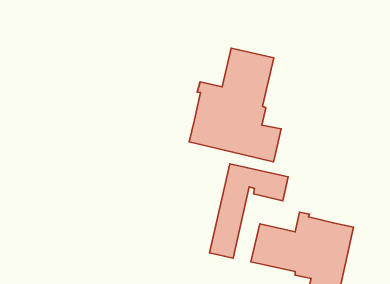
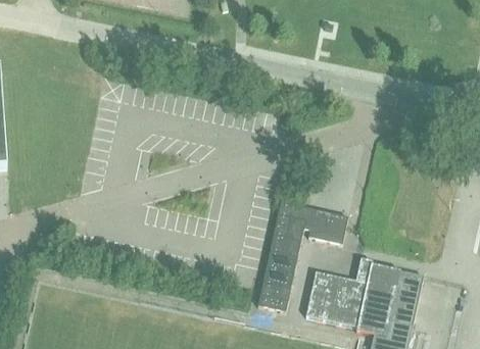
building: [189,48,281,162] -> none

